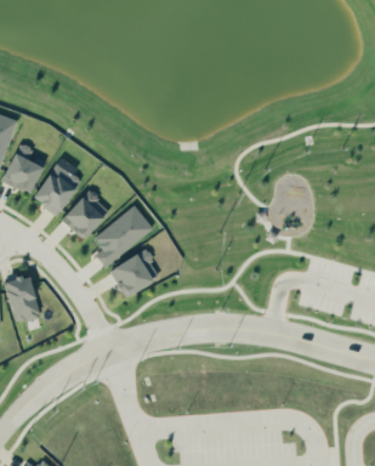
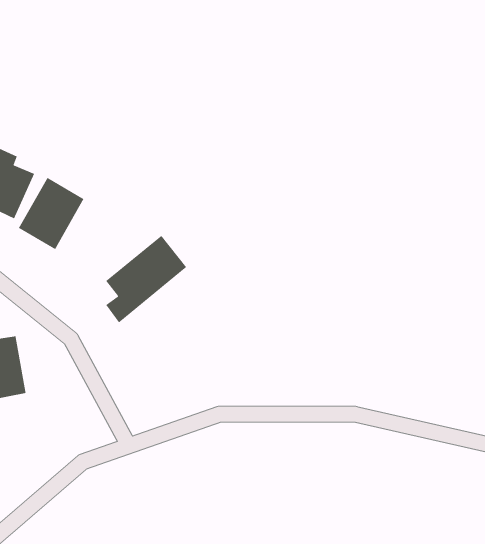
building: [62,189,110,238] -> none
building: [110,250,159,295] -> none

